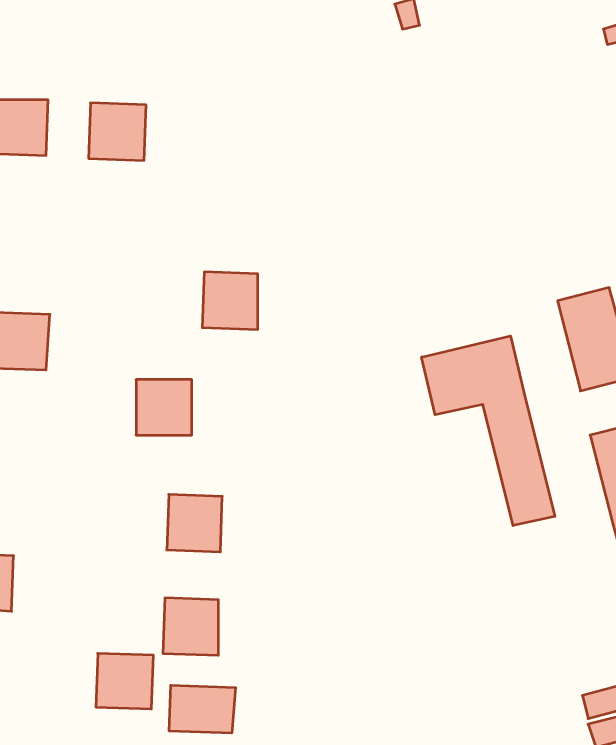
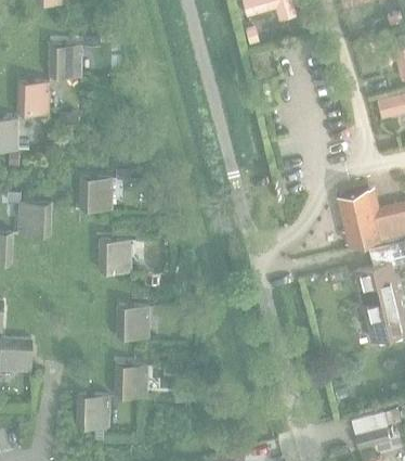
building: [89,103,146,160] -> [48,46,80,78]
building: [202,272,258,329] -> [79,179,110,212]
building: [422,336,555,526] -> none
building: [169,685,236,733] -> none

